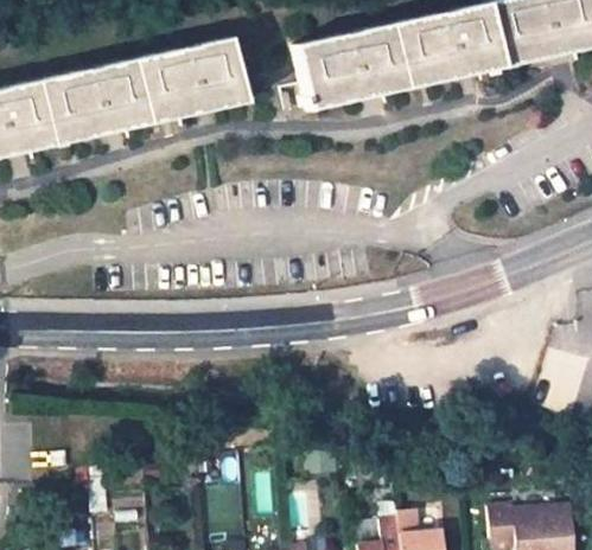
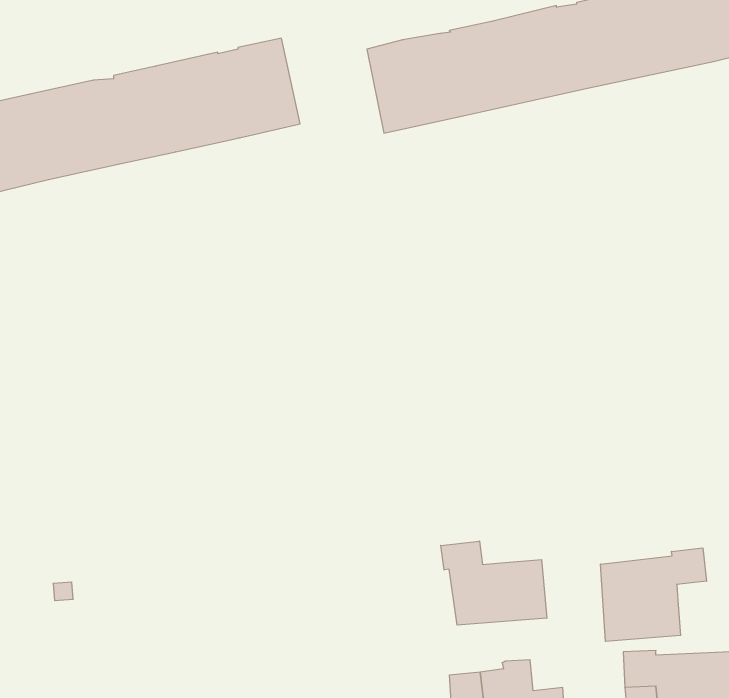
building: none -> [441,541,547,625]
building: none -> [601,548,707,641]

